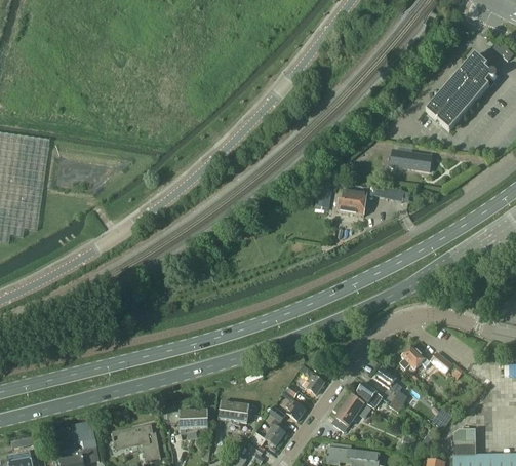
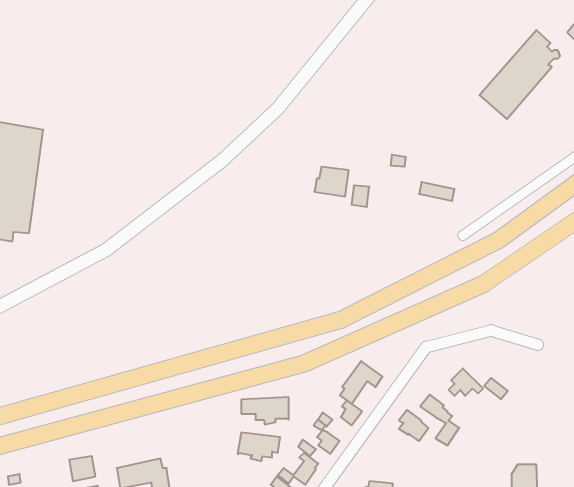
building: [390,149,431,170] -> none
building: [336,189,366,215] -> [314,167,349,196]
building: [332,394,369,431] -> [340,361,383,404]
building: [166,409,207,432] -> [241,397,289,425]

